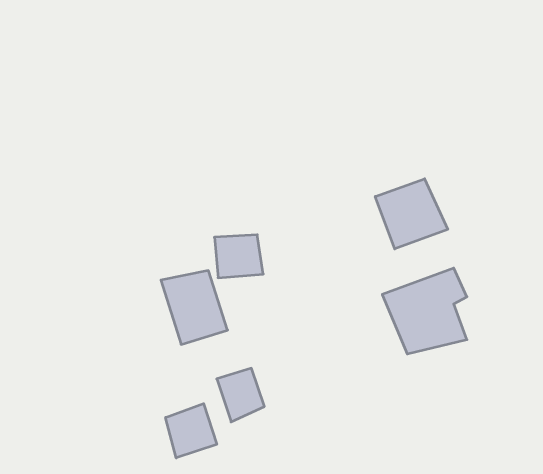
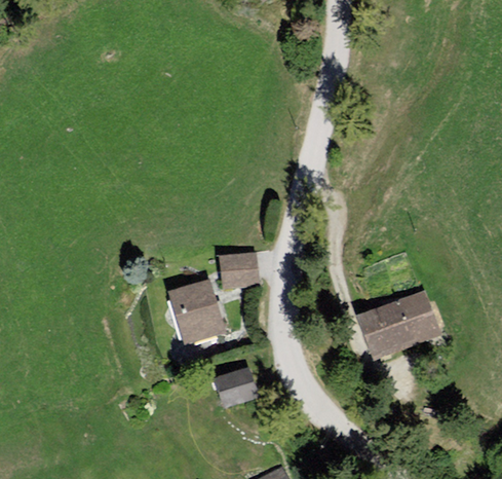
building: [375,179,448,249] -> none
building: [166,404,217,458] -> none

